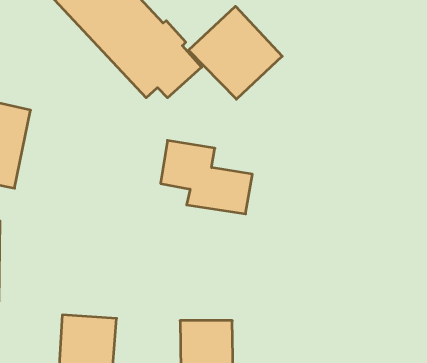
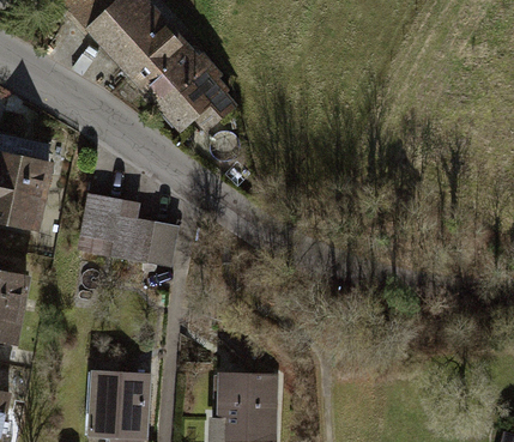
building: [189,6,282,99] -> none
building: [161,140,252,214] -> [83,193,180,271]

